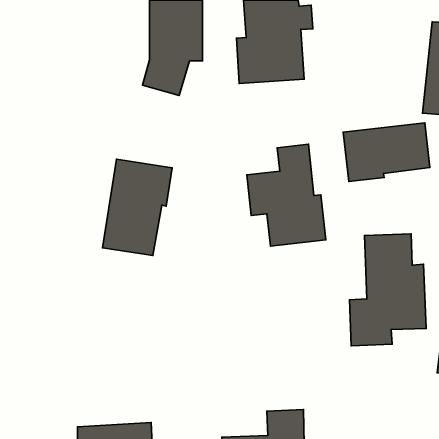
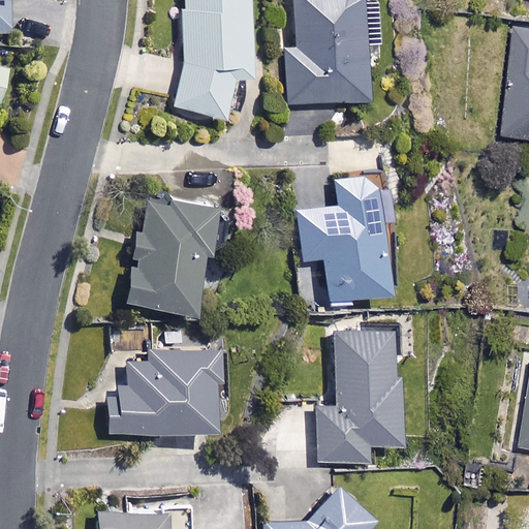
building: [343,123,430,182] -> none
building: [350,234,426,346] -> [316,329,407,462]
building: none -> [106,347,216,433]

